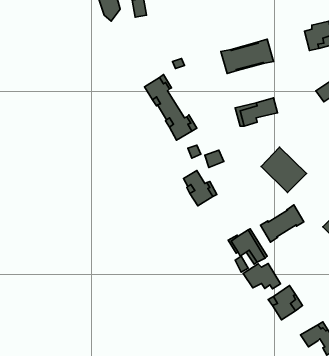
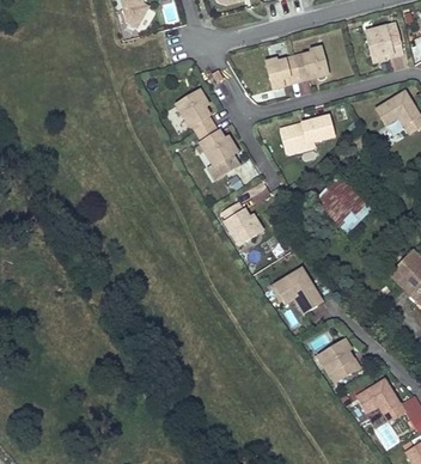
building: [261,205,304,242] -> none
building: [243,263,280,289] -> none

